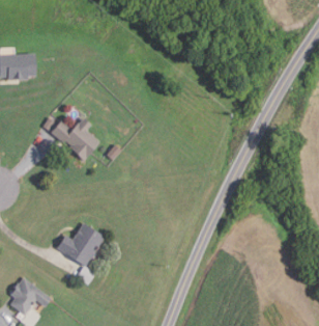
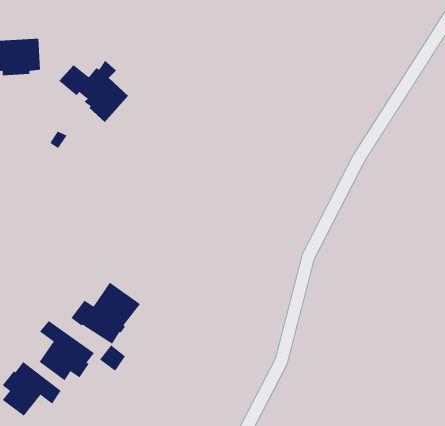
building: [51,117,99,161] -> [59,60,129,123]
building: none -> [39,320,95,381]

